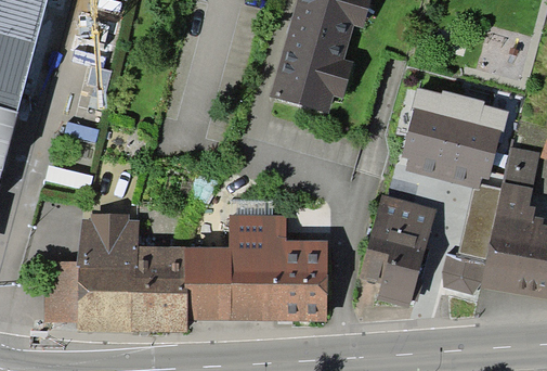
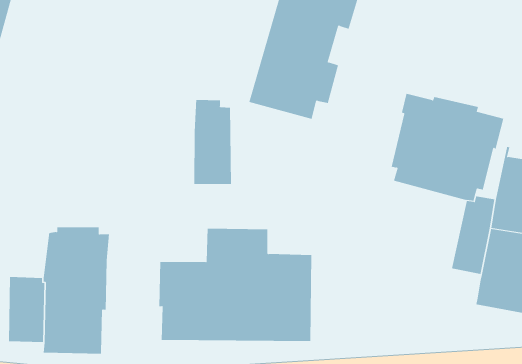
building: none -> [194,99,232,185]
building: [360,193,438,307] -> none
building: [132,245,188,332] -> none
building: [443,253,486,294] -> none

